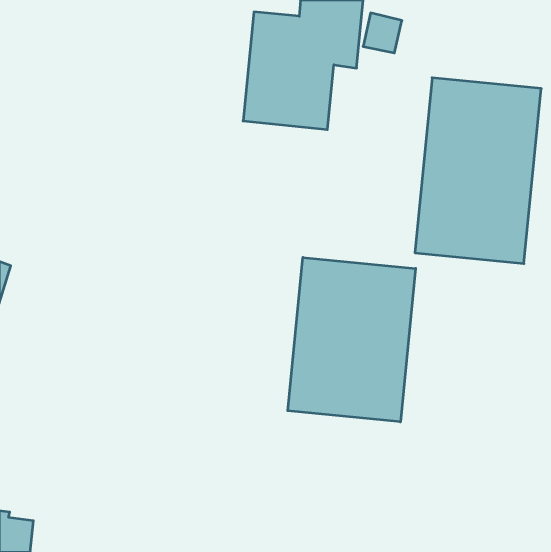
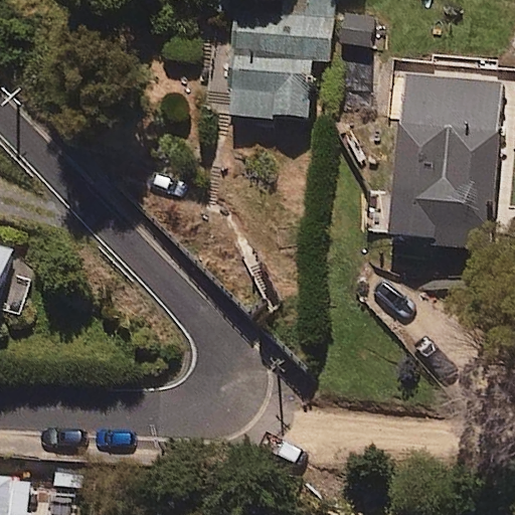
building: [288,257,416,422] -> none

